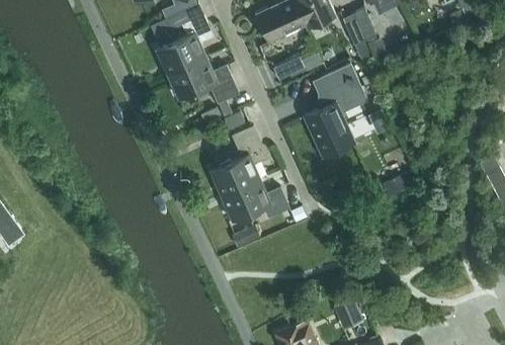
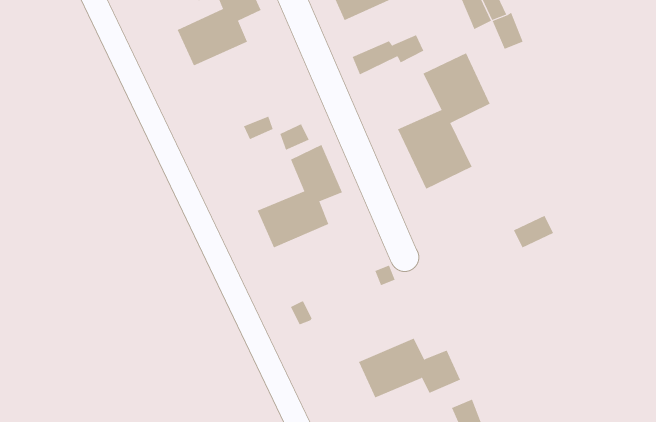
building: [167,58,238,103] -> none
building: [221,180,289,221] -> [358,338,461,398]

